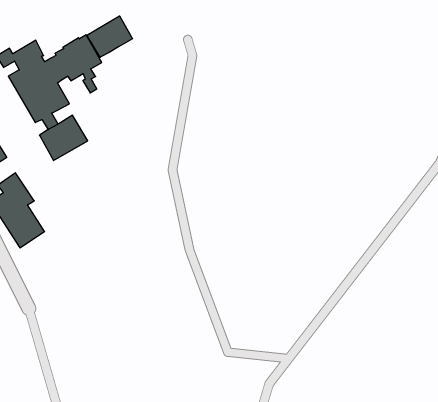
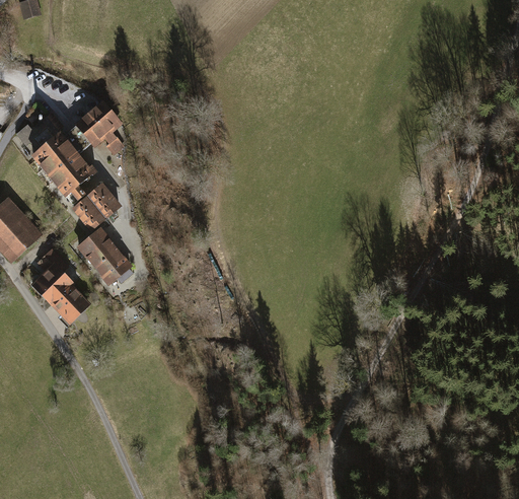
building: [87,16,133,57] -> none
building: none -> [77,228,133,287]

